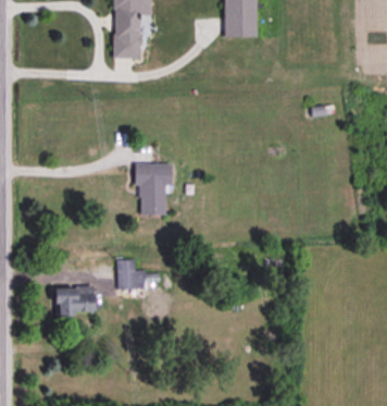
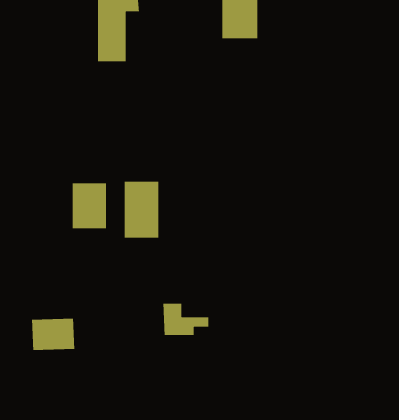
building: none -> [72,183,107,229]
building: [118,260,160,290] -> [163,303,209,336]

